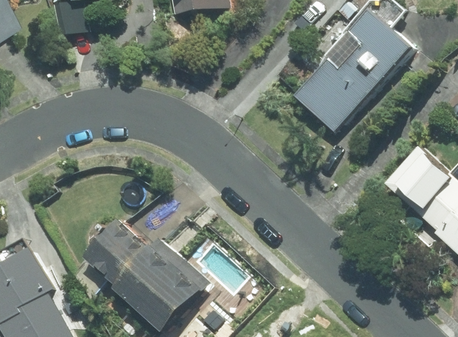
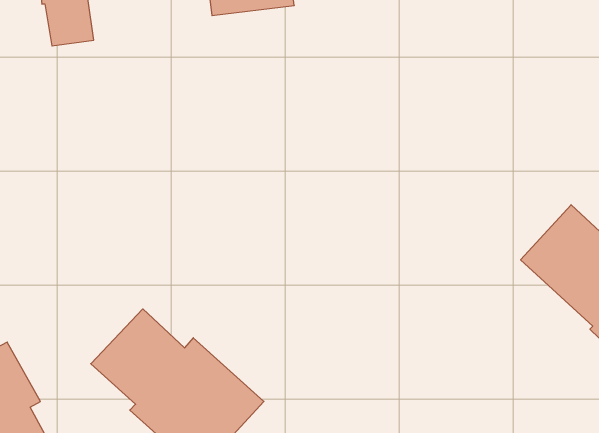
building: [294,9,414,133] -> none

